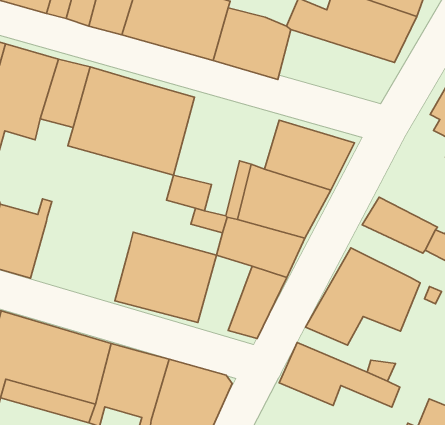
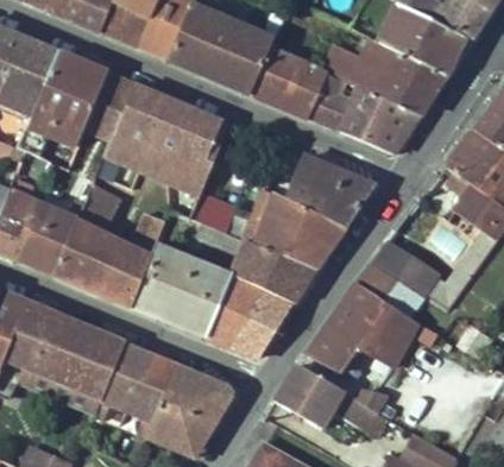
building: none -> [308,71,418,152]
building: none -> [55,187,165,304]
building: none -> [357,261,423,316]
building: none -> [206,273,263,345]

